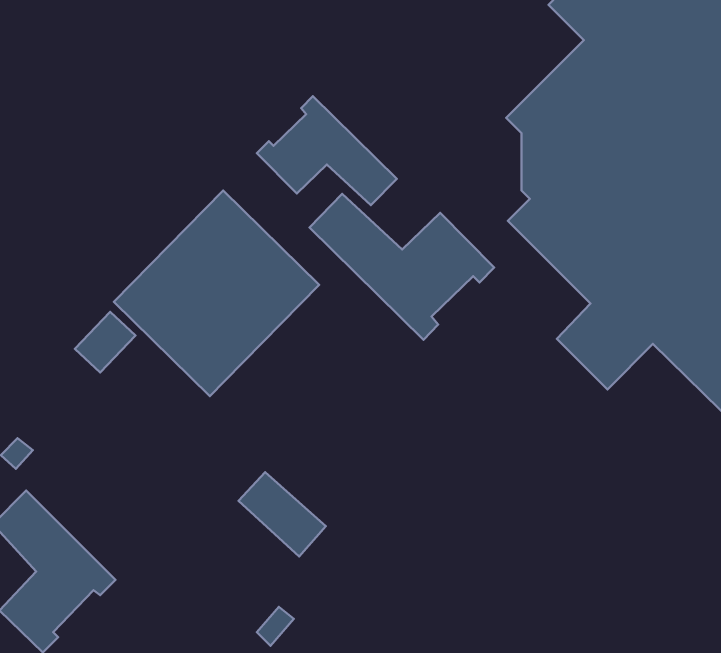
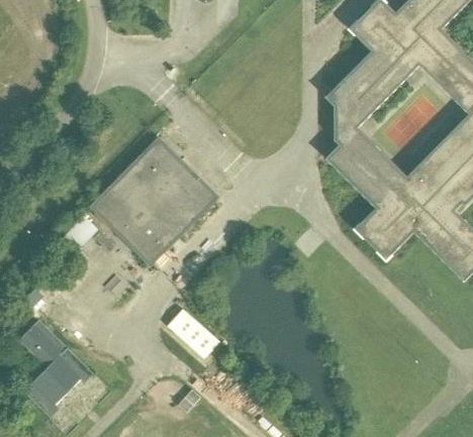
building: [257,96,397,205] -> none
building: [309,194,494,340] -> none

